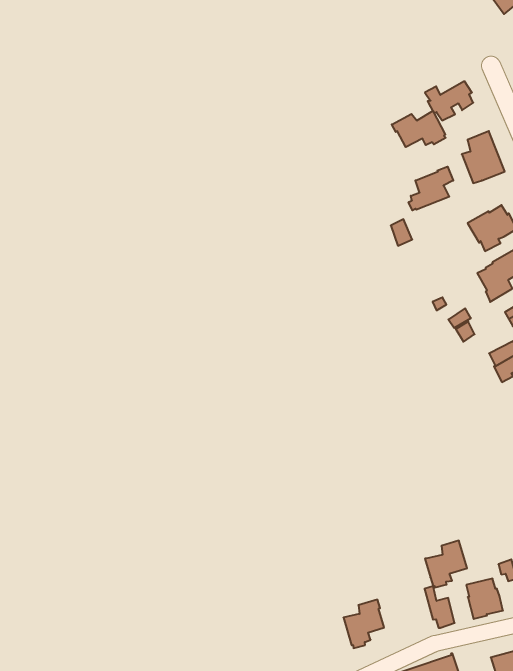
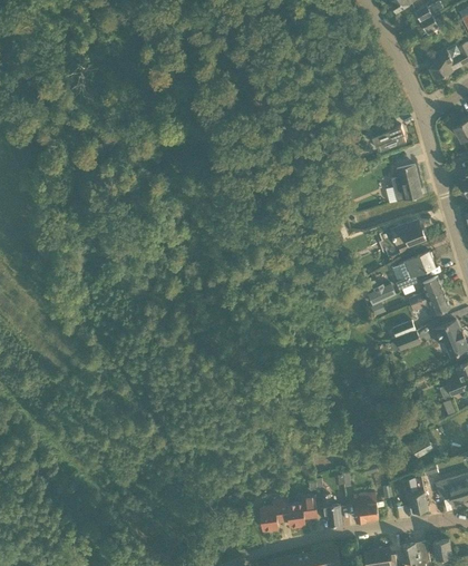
building: [392,111,446,147] -> none
building: [409,167,453,210] -> none
building: [425,541,467,588] -> [286,495,316,527]

